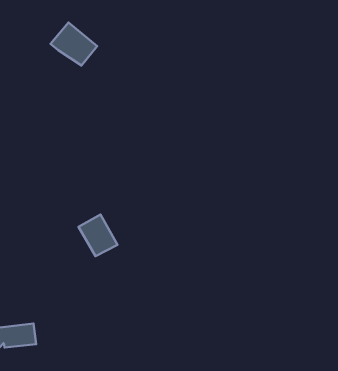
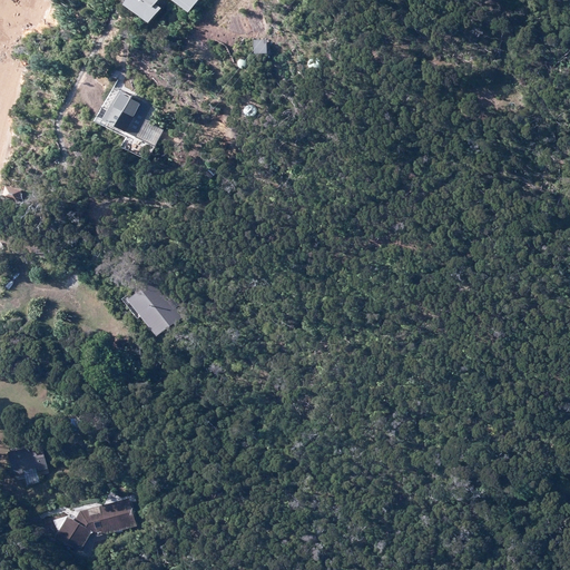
building: [78,214,117,256] -> [122,279,178,336]

